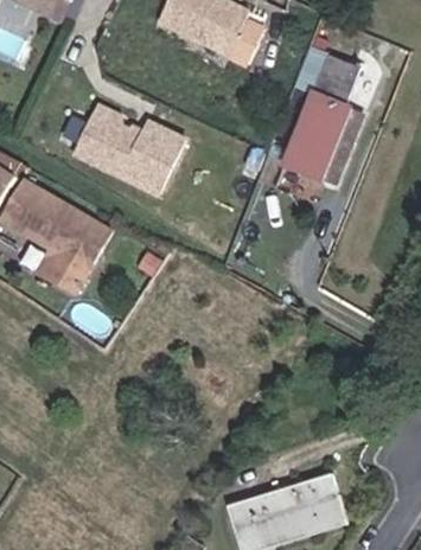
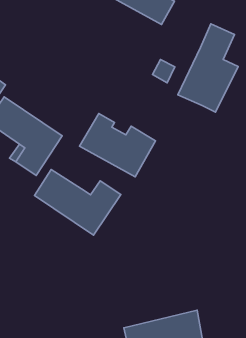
building: [75,105,185,194] -> [80,113,155,177]
building: none -> [35,169,121,235]

